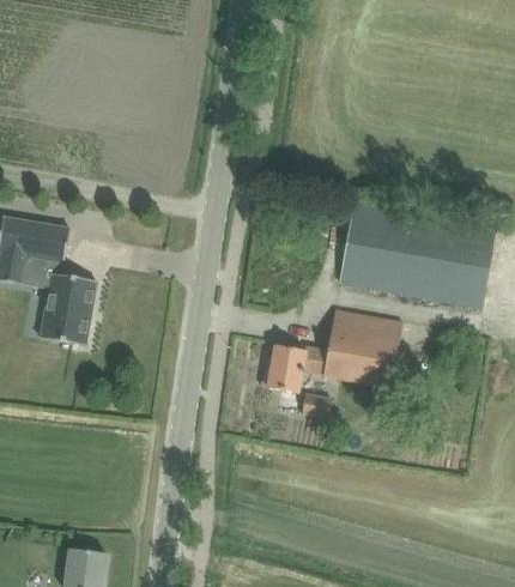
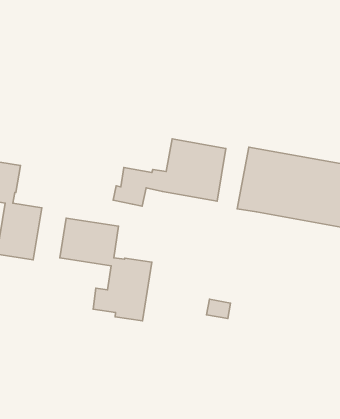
building: none -> [60,218,152,321]
building: [261,310,401,394] -> [113,139,226,206]

